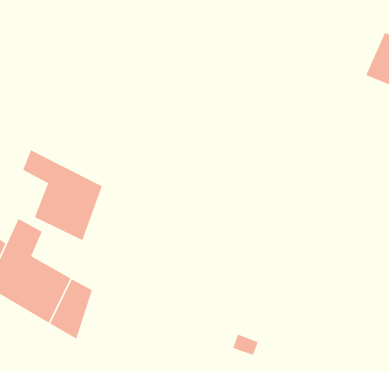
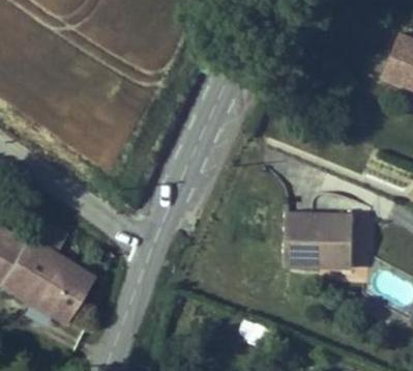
building: [22,149,103,241] -> none
building: none -> [289,215,360,272]

